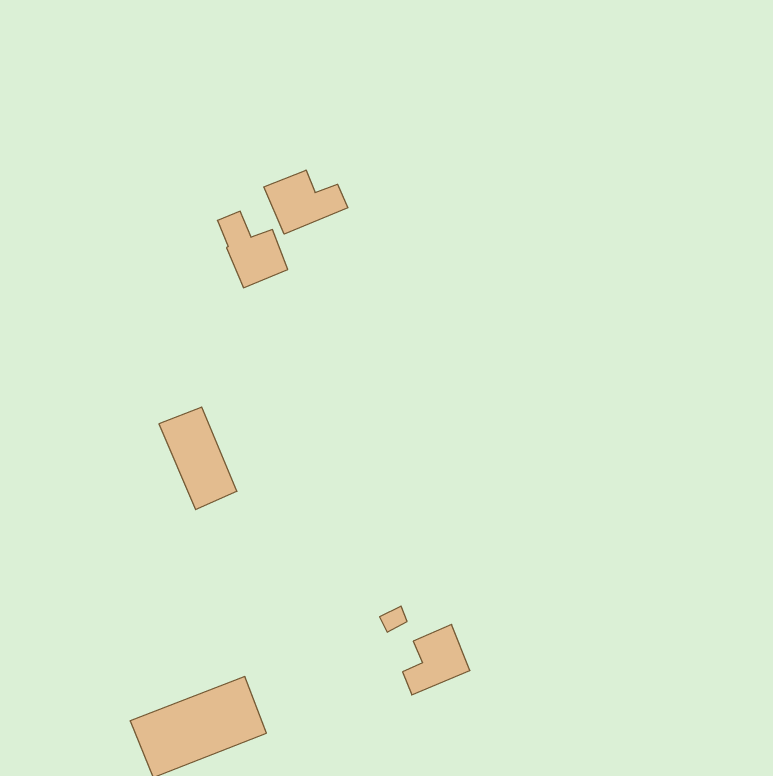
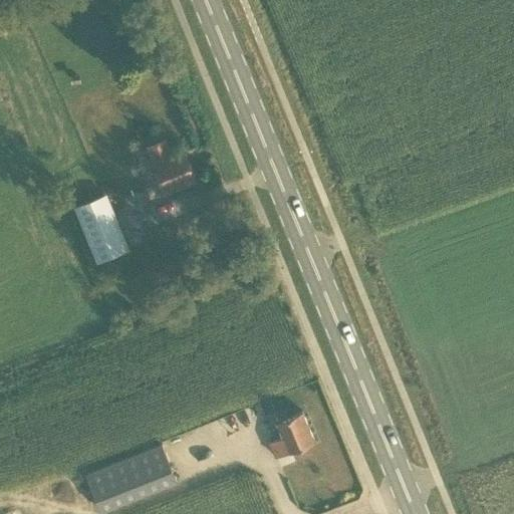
building: [264,170,348,234] -> none
building: [159,407,237,510] -> [76,195,127,262]

